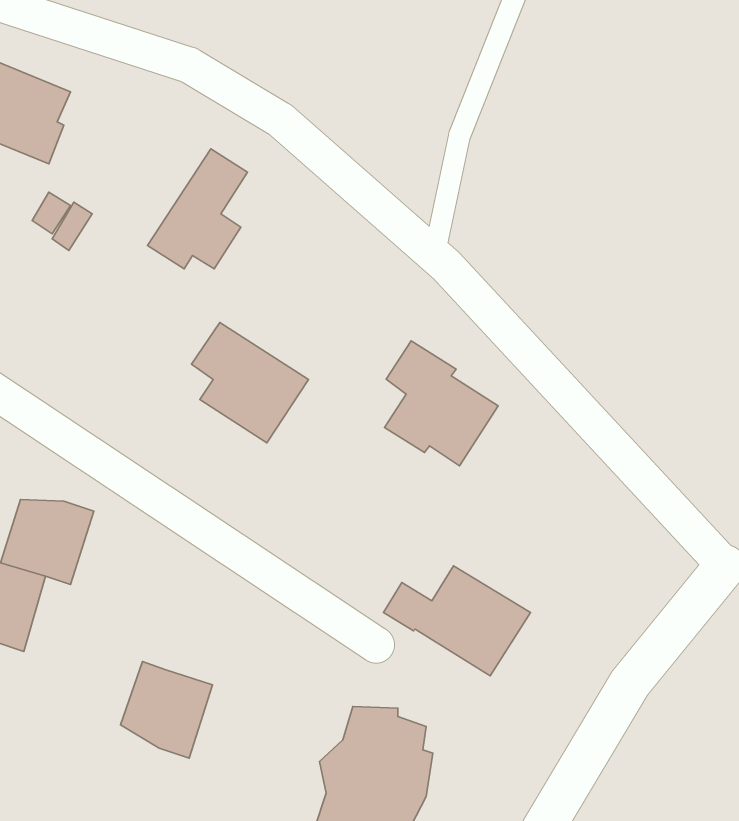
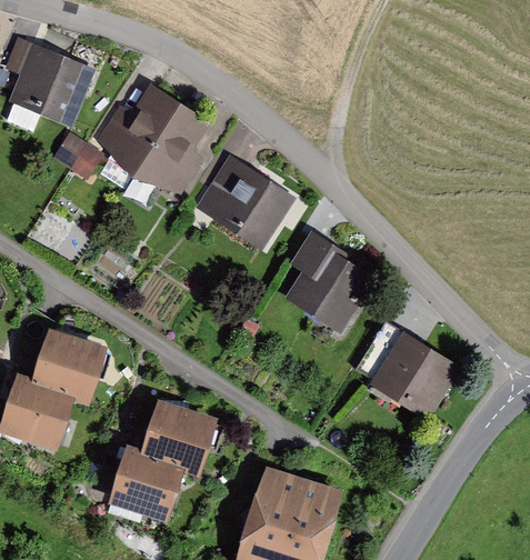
building: none -> [100,91,176,172]
building: [192,323,308,443] -> [209,160,287,240]
building: [383,566,530,676] -> [353,337,451,410]
building: none -> [146,412,208,469]

